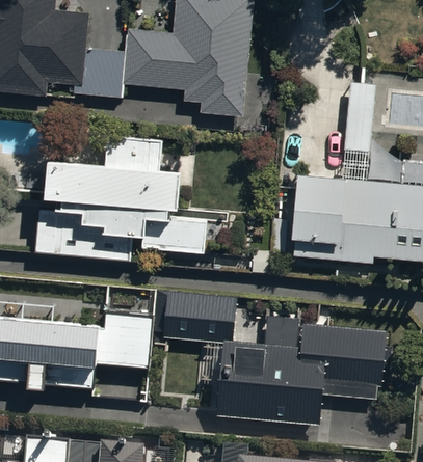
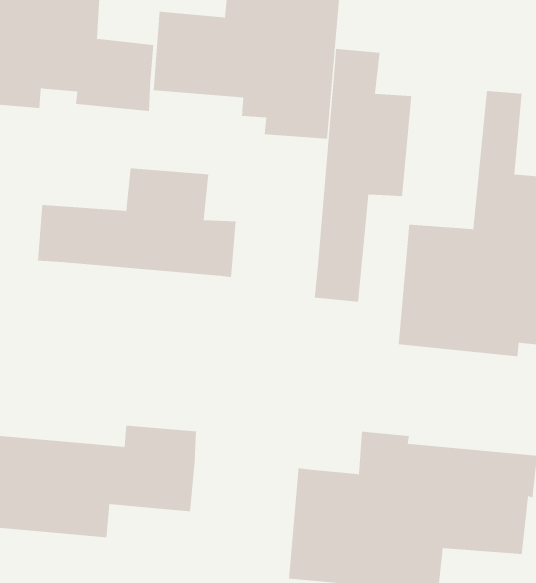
building: none -> [314,48,412,302]
building: [35,200,206,261] -> none
building: [153,290,237,343] -> none

